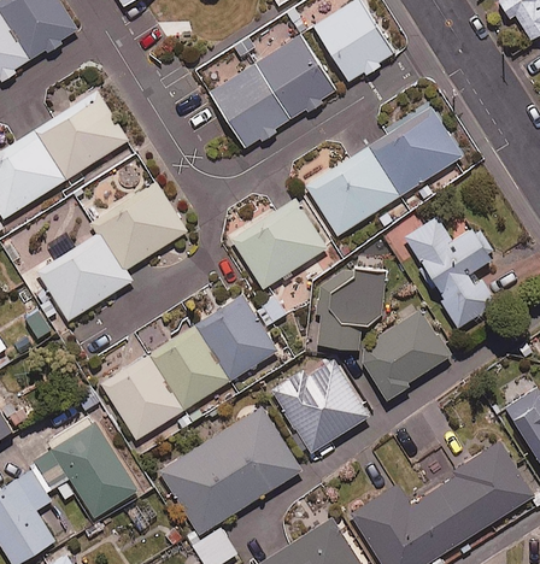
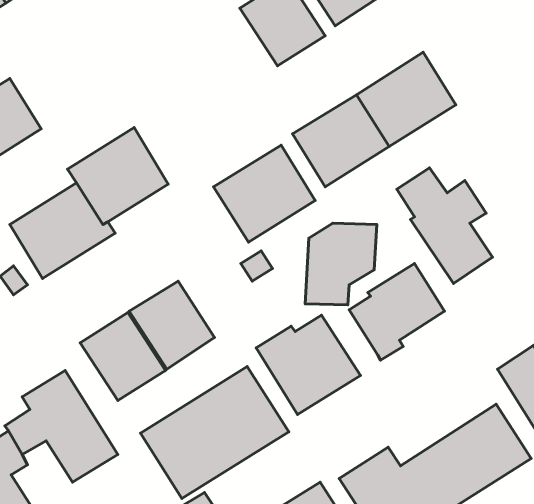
building: [207,65,289,149] -> none
building: [34,92,128,180] -> none
building: [196,295,277,380] -> none

